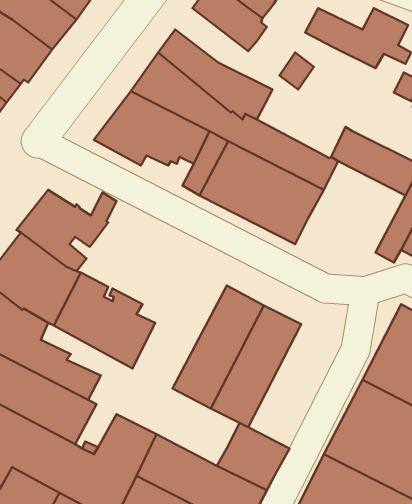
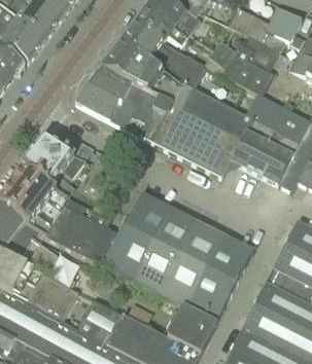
building: none -> [134,7,186,46]
building: none -> [221,35,278,96]
building: none -> [230,117,300,183]
building: none -> [103,192,171,281]
building: none -> [186,234,253,324]

